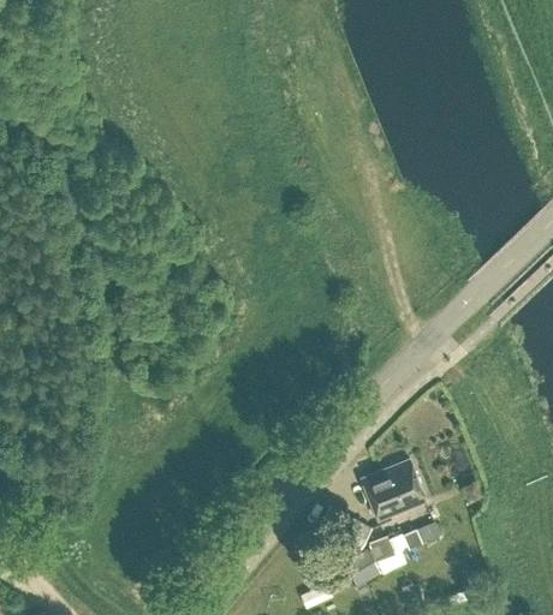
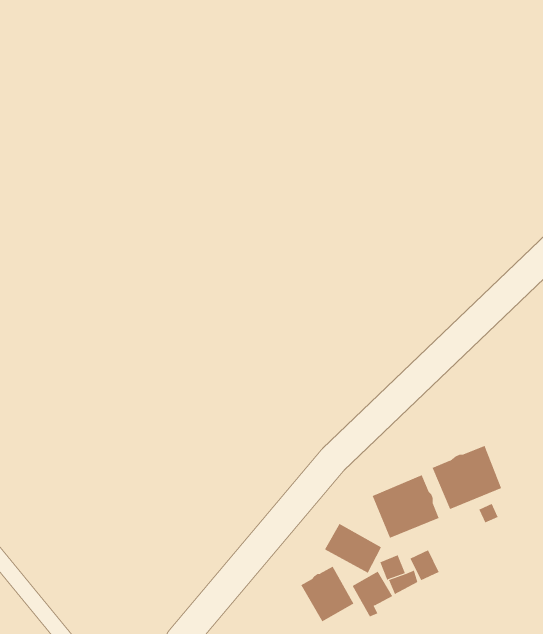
building: none -> [432,445,502,510]
building: none -> [300,566,354,622]

